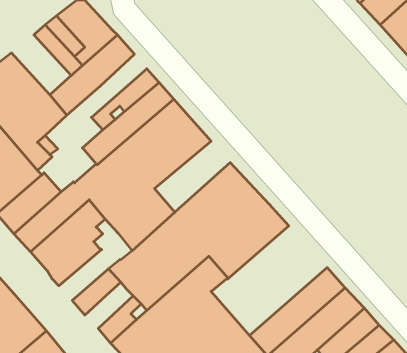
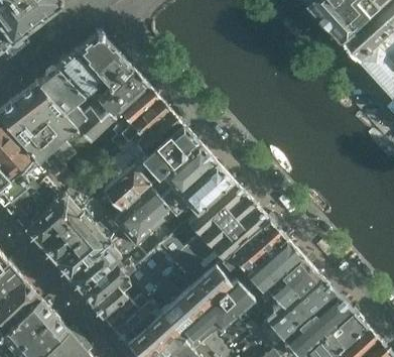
building: none -> [36,68,90,121]
building: none -> [96,85,157,147]
building: none -> [164,162,232,226]
building: none -> [215,238,318,336]
building: none -> [79,244,144,305]
building: none -> [102,294,145,330]

